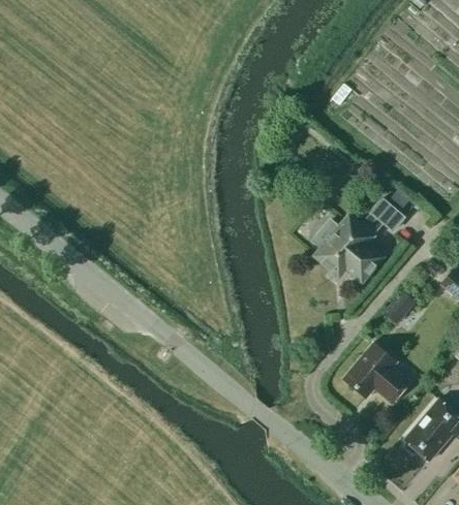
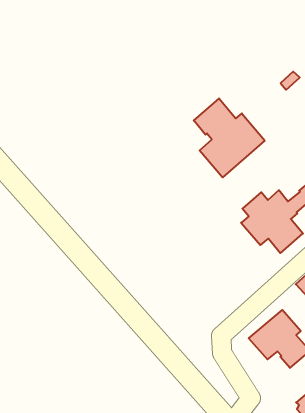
building: none -> [194,98,265,177]

